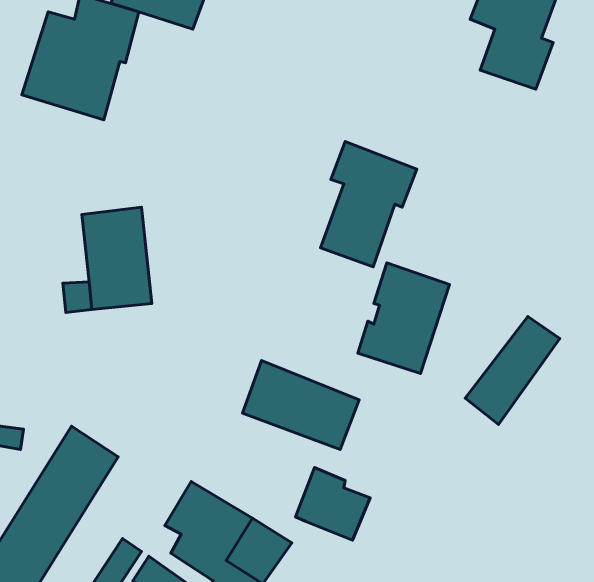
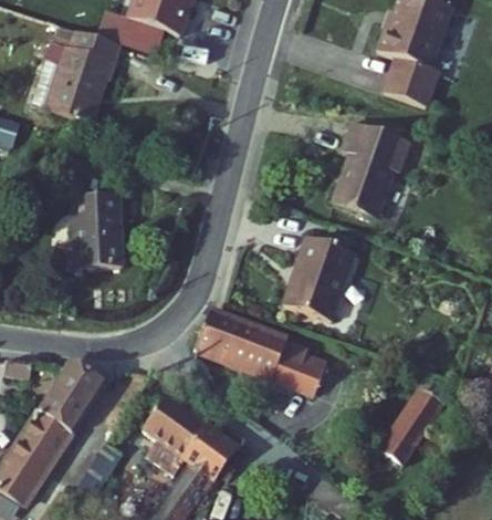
building: [320,141,417,267] -> [327,119,400,215]
building: [465,317,560,425] -> [374,384,446,466]
building: [296,467,370,540] -> [272,340,328,395]

